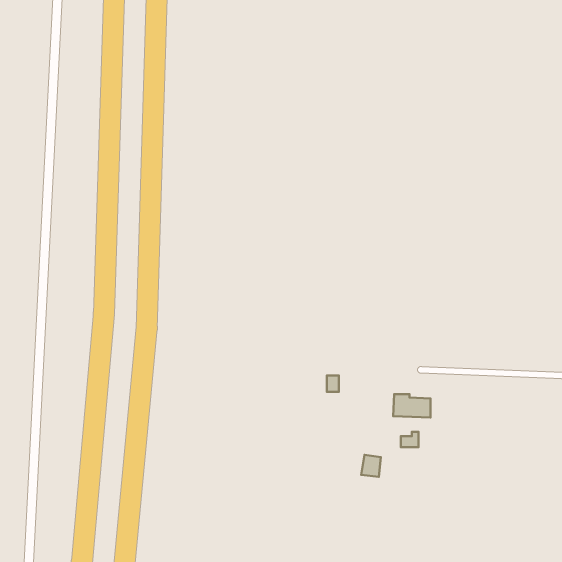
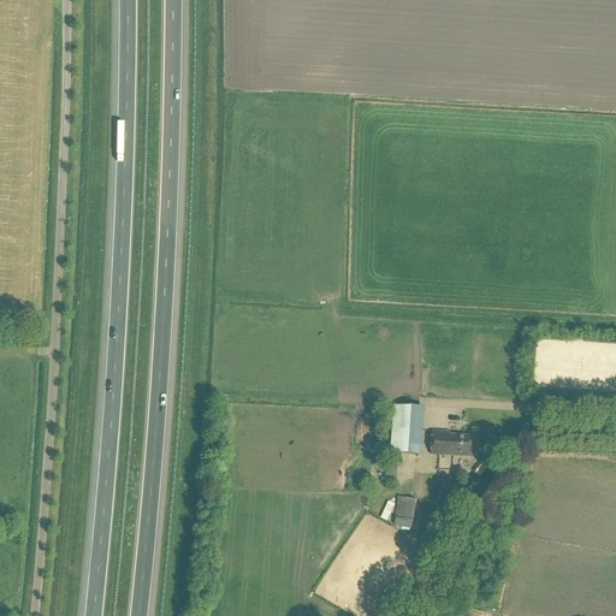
building: none -> [398,413,425,450]

